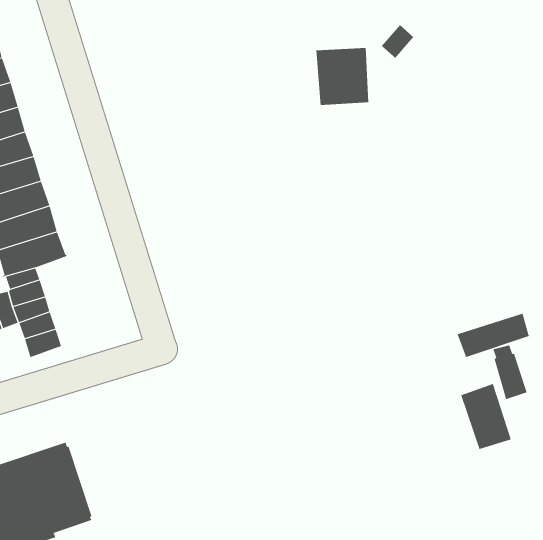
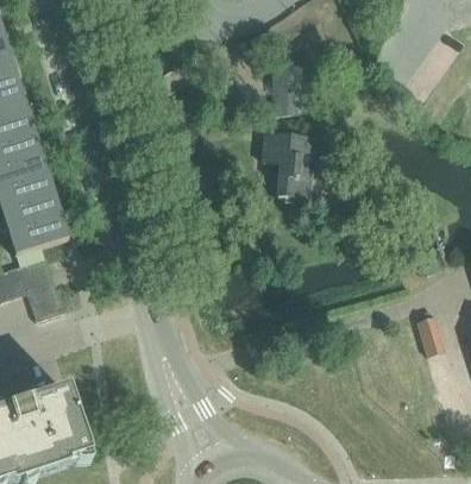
building: none -> [262,131,313,195]
building: [457,313,530,358] -> none
building: [460,383,512,450] -> none

